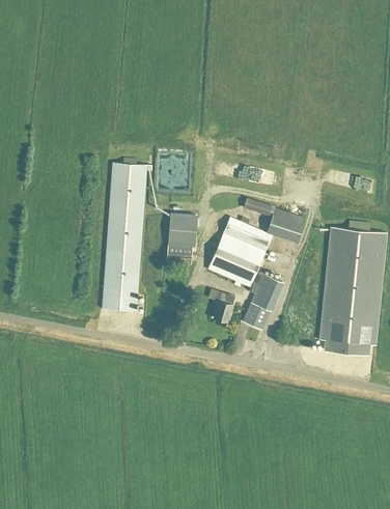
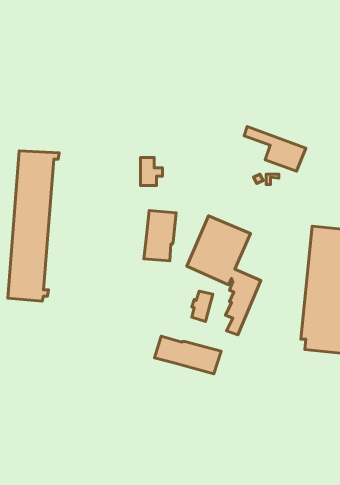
building: [101,163,151,312] -> [8,151,59,301]
building: [245,197,306,242] -> [244,126,306,171]
building: none -> [154,336,221,374]

